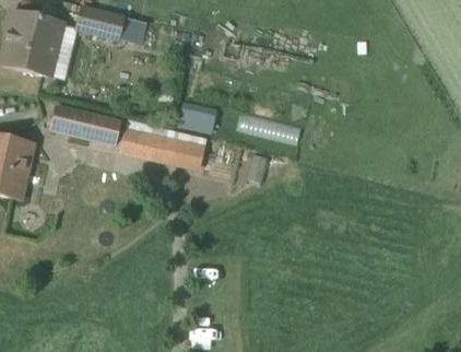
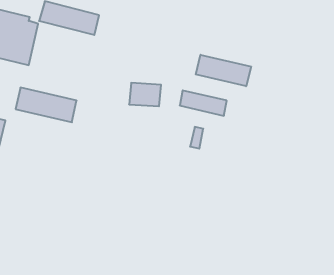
building: none -> [196,55,251,86]
building: [118,116,205,169] -> none

